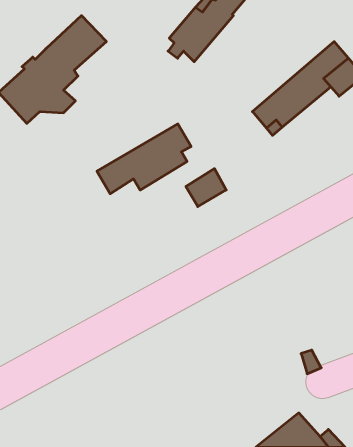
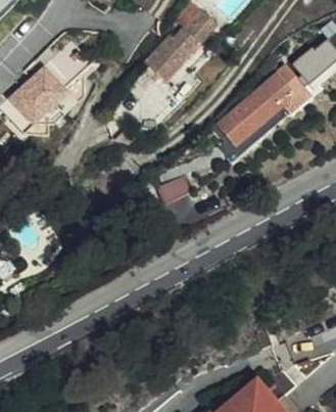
building: [97,124,191,194] -> none

